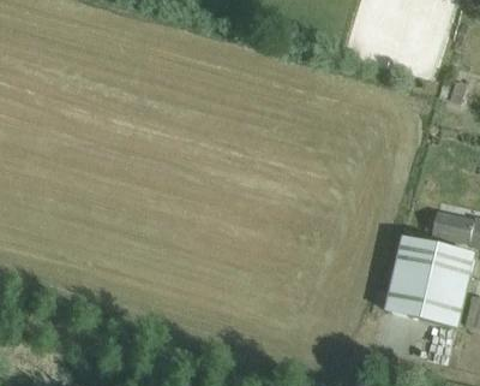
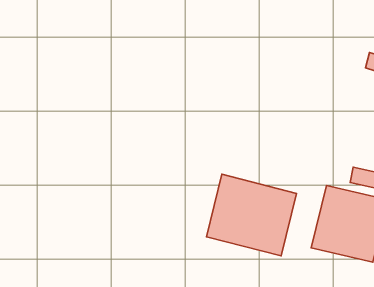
building: none -> [206,174,297,256]

